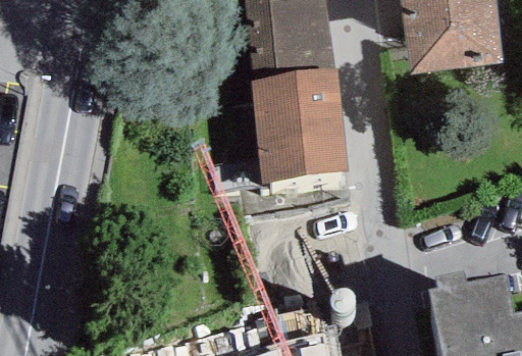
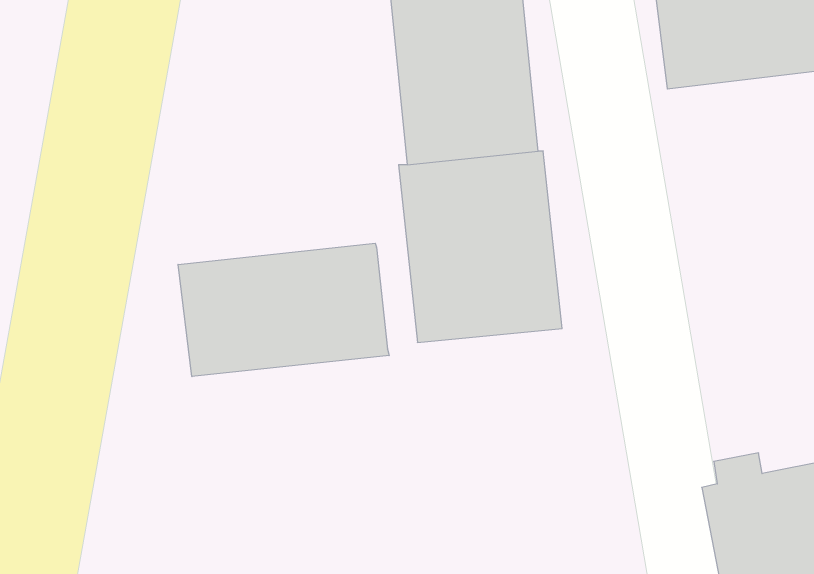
building: none -> [178,243,389,377]

